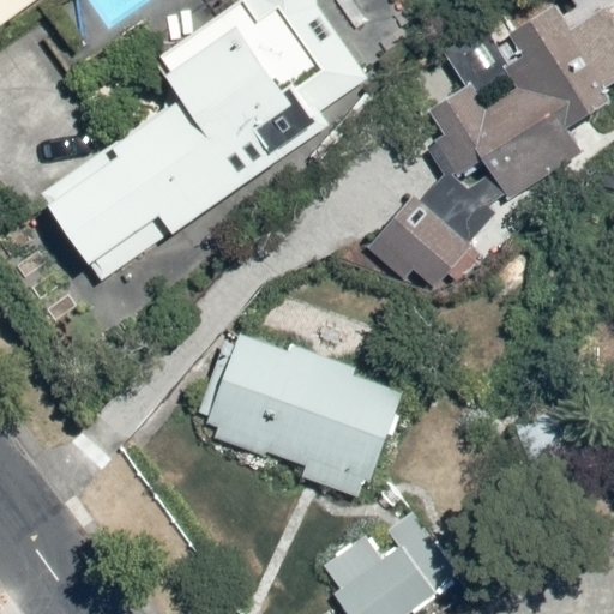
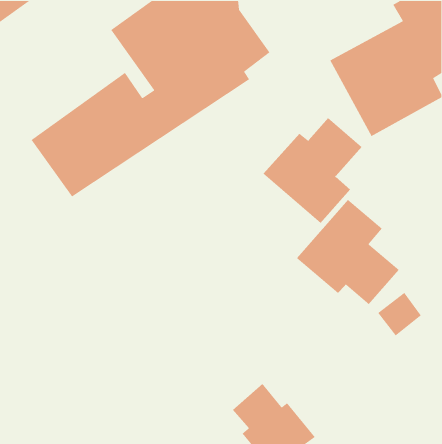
building: none -> [296,199,400,305]
building: [207,333,411,502] -> none

